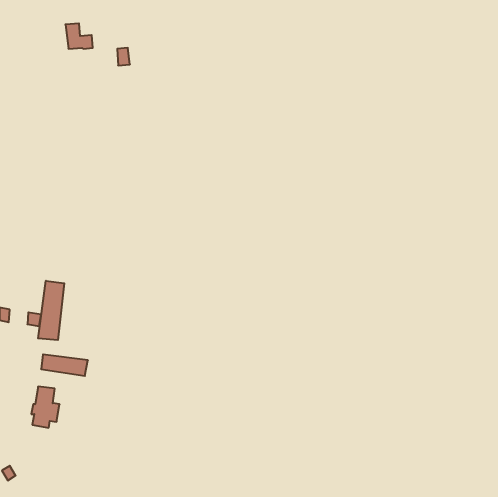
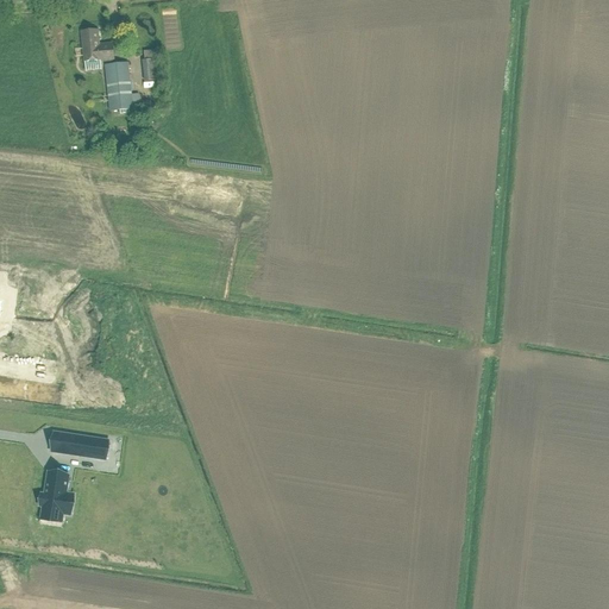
building: none -> [103,62,140,111]
building: [38,281,64,340] -> none

